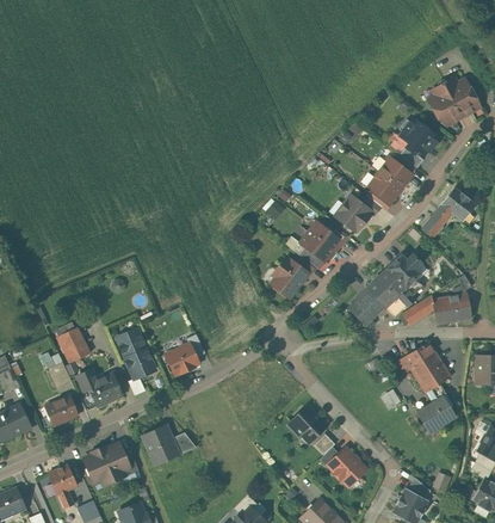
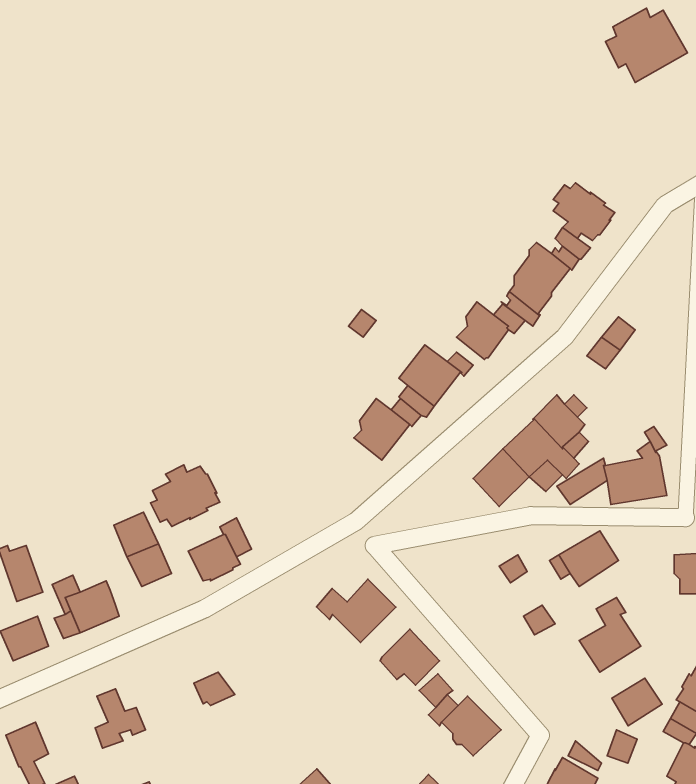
building: [428,78,481,125] -> [605,8,687,83]
building: [441,187,476,221] -> none
building: none -> [151,465,220,527]
building: [60,328,91,363] -> none
building: [416,361,451,393] -> none
building: none -> [316,579,396,643]
building: [143,426,175,461] -> none
building: none -> [612,678,662,726]
building: [85,448,115,484] -> none

